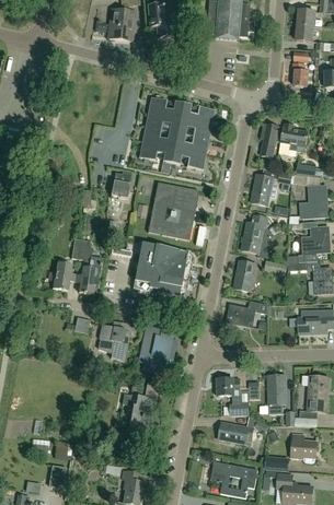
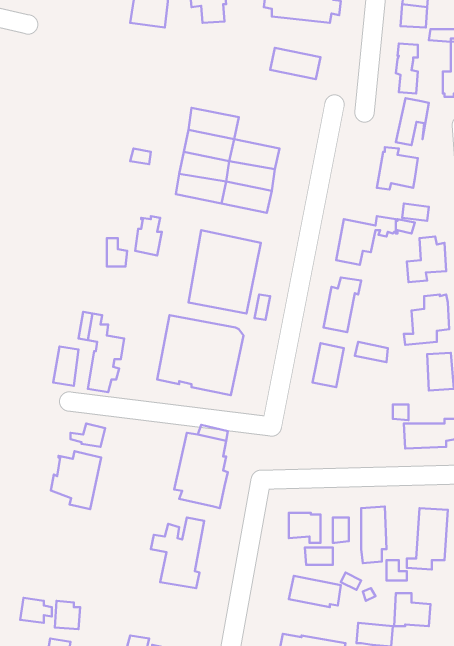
building: [180,103,215,125] -> [270,48,320,79]
building: [261,124,284,156] -> [396,98,429,145]
building: [228,300,268,325] -> none
building: [96,320,131,361] -> [51,451,101,509]

